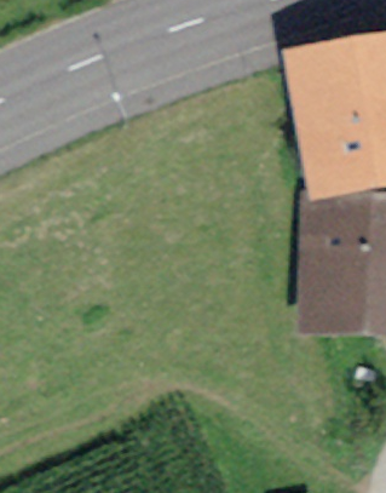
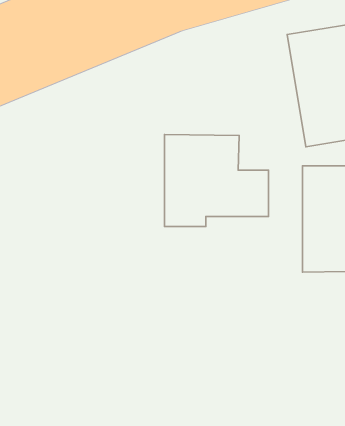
building: none -> [164,135,269,227]

